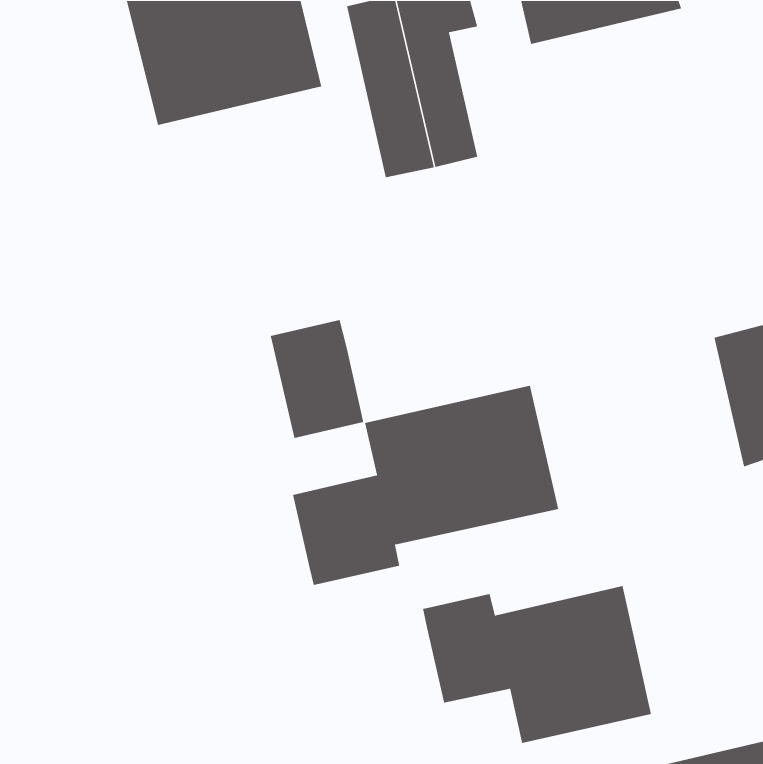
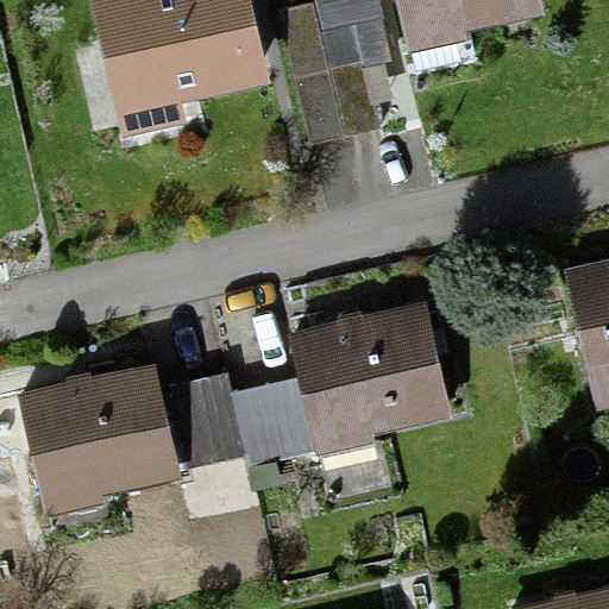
building: [270,319,364,439] -> [172,370,247,465]
building: none -> [24,366,178,497]
building: [422,585,652,744] -> none

